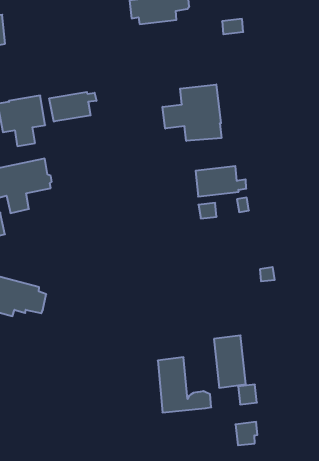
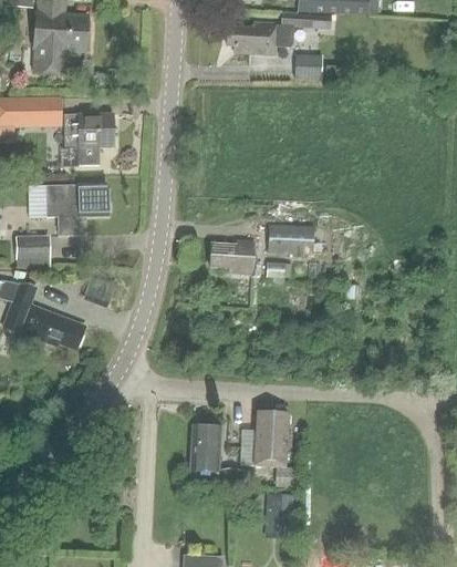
building: none -> [294,53,322,79]
building: [163,84,221,141] -> none
building: [49,92,96,122] -> none
building: none -> [210,238,253,272]

